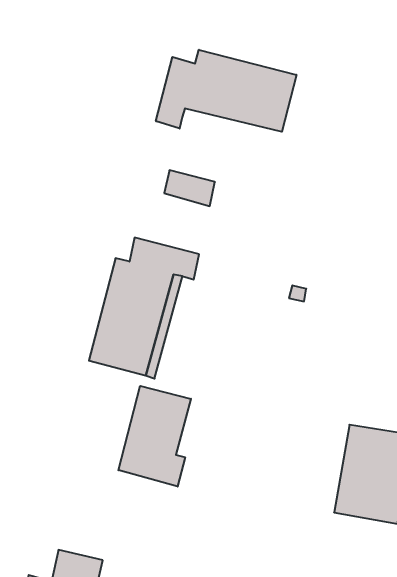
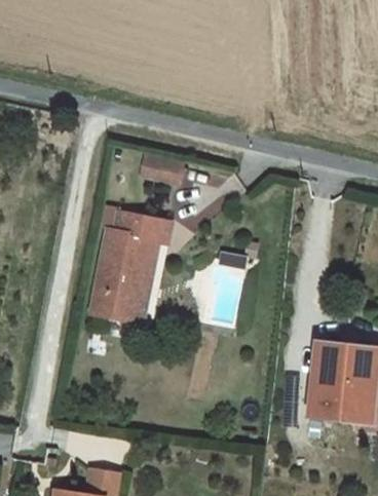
building: [156,50,296,132] -> none
building: [118,386,191,487] -> none

